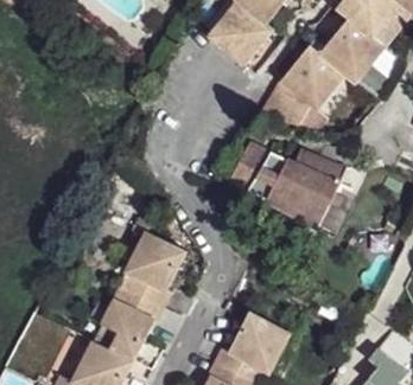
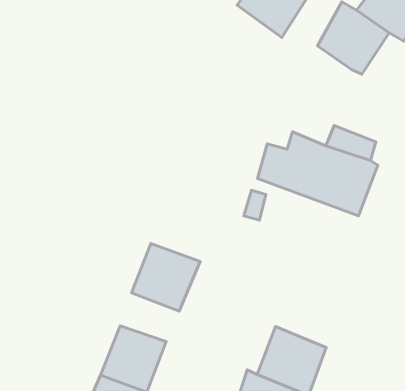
building: [272,76,323,122] -> none
building: [108,271,166,317] -> none

